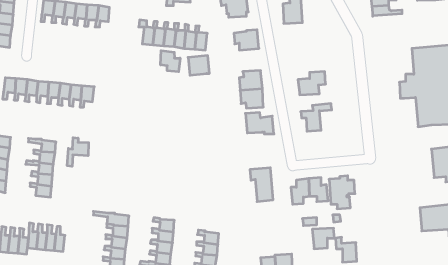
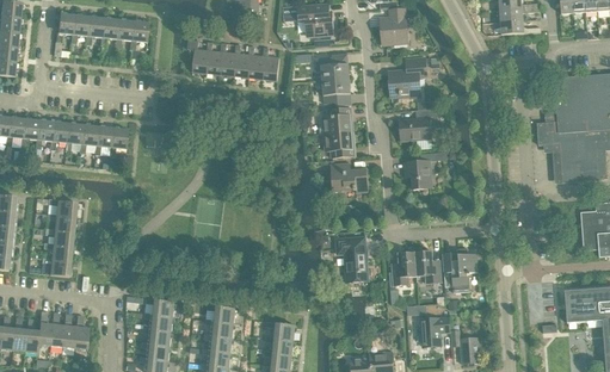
building: none -> [388,56,425,95]
building: [161,51,180,72] -> none
building: [188,56,209,75] -> [321,76,350,103]
building: [67,138,89,166] -> none

